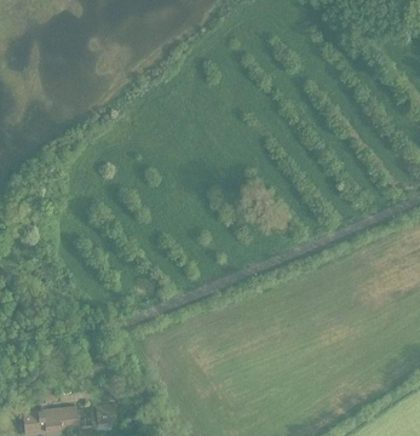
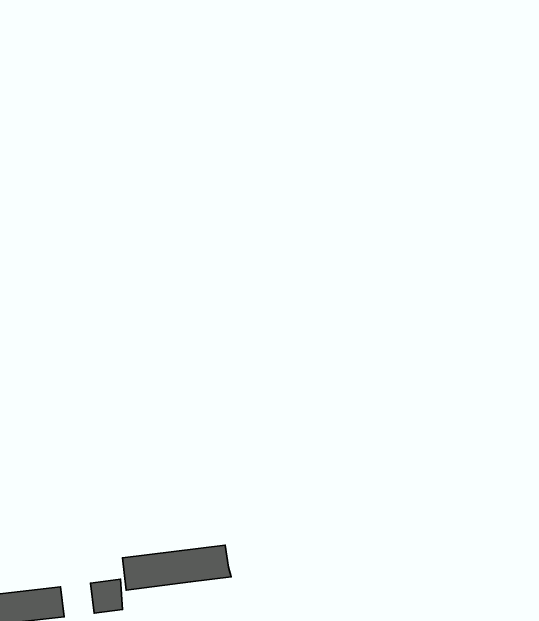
building: none -> [123,545,231,590]

